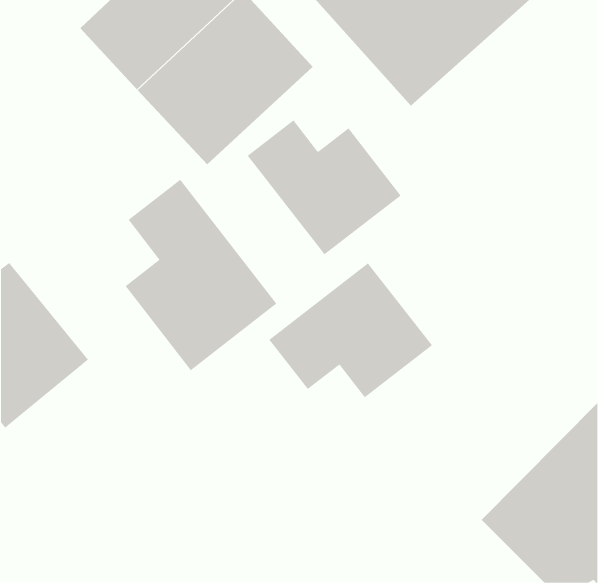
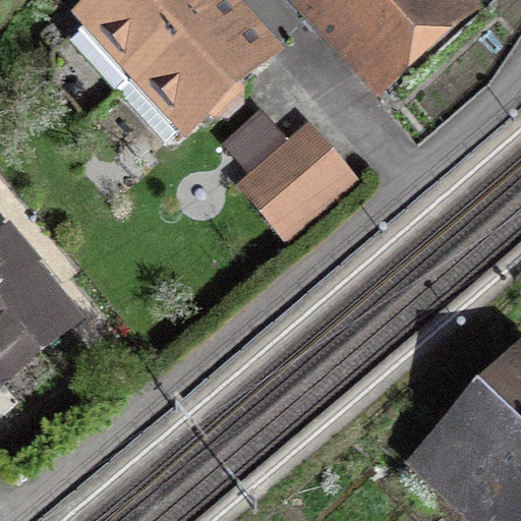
building: [125,179,277,371] -> none
building: [269,262,433,398] -> none

